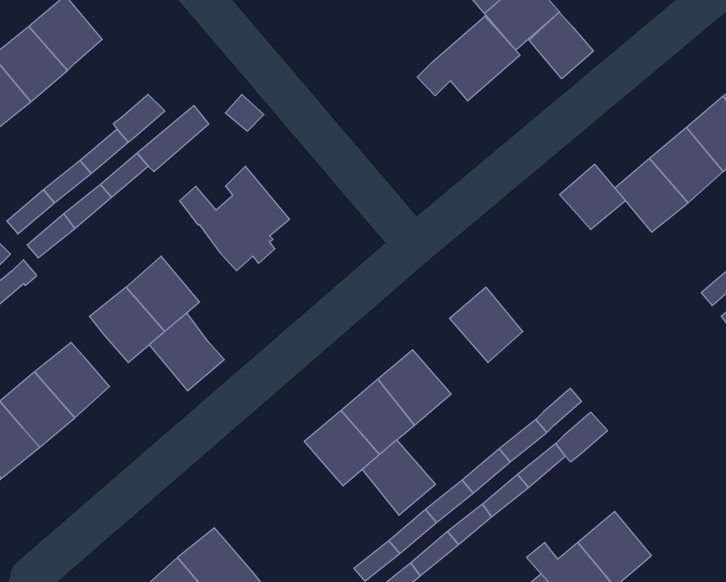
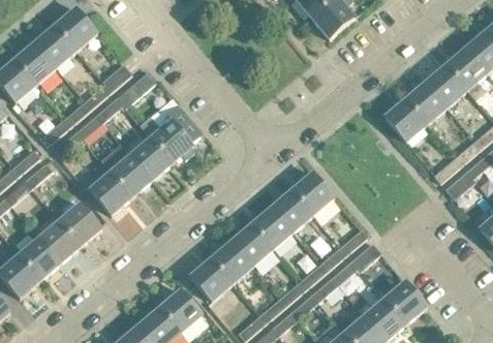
building: [529,12,593,79] -> none
building: [417,16,520,101] -> none
building: [559,164,625,230] -> none
building: [149,314,224,391] -> [130,137,173,181]
building: none -> [272,190,314,232]
building: [362,440,436,515] -> [191,259,233,302]
building: none -> [386,281,427,323]
building: none -> [160,288,203,333]

